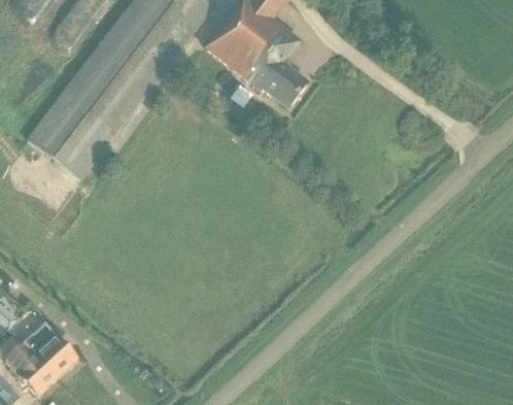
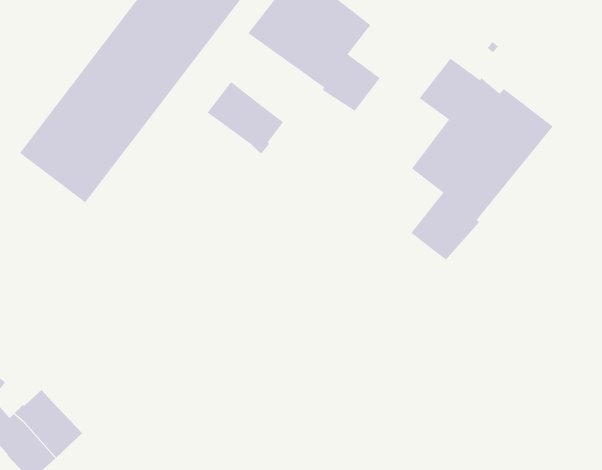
building: none -> [411,58,554,261]
building: none -> [207,81,284,155]

